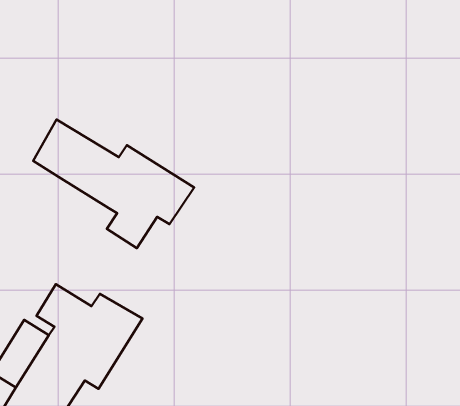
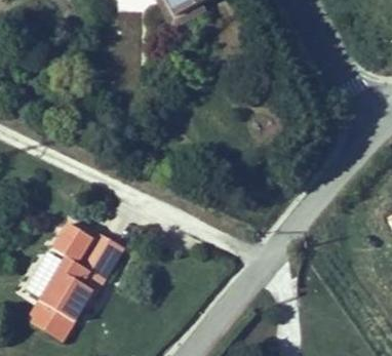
building: [33,119,194,248] -> none

